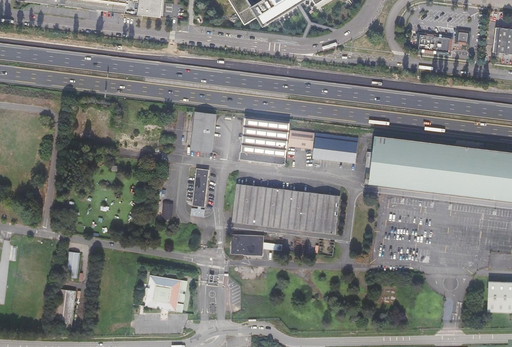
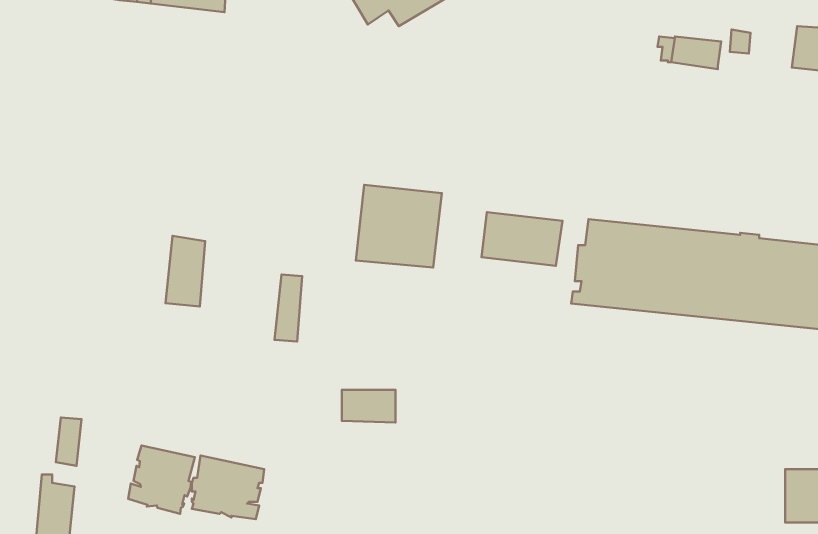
building: [191,112,214,153] -> [165,236,205,307]
building: [232,185,339,234] -> none
building: none -> [128,445,195,514]

